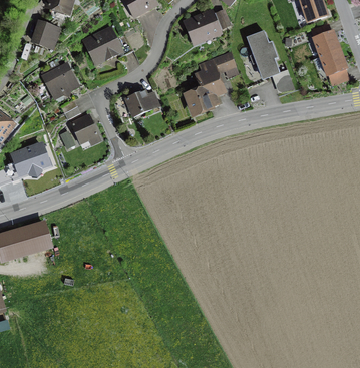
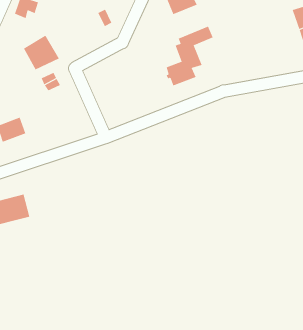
building: [84,30,118,57] -> none
building: [247,31,278,77] -> none
building: [124,89,150,115] -> none
building: [69,114,98,146] -> none

